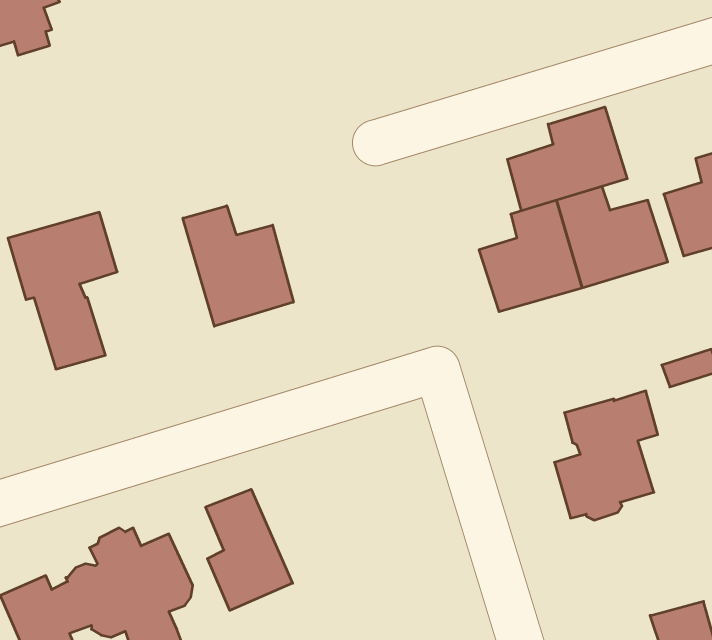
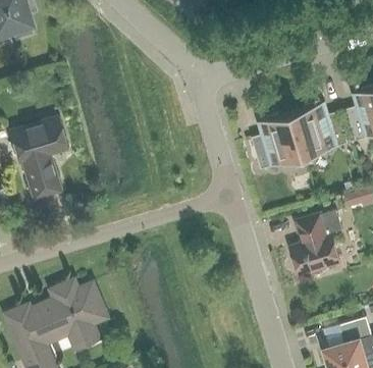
building: [507,107,627,211] -> none
building: [183,206,293,326] -> none
building: [206,489,293,610] -> none

